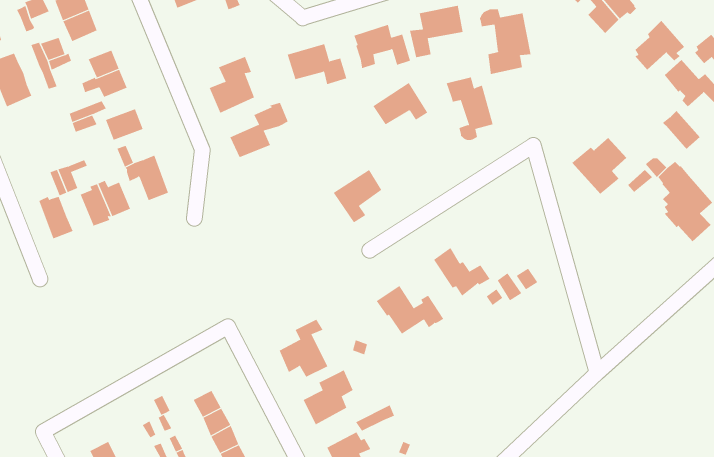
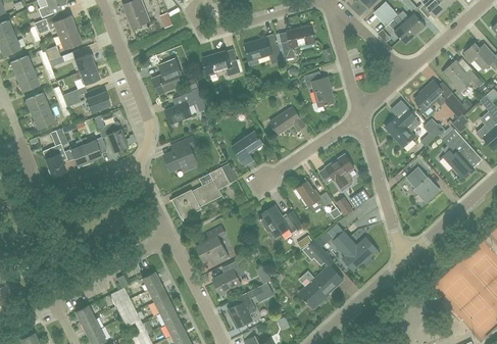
building: [479,9,531,75] -> none
building: [634,20,685,71] -> [415,80,448,112]
building: [373,82,428,125] -> [270,106,306,134]
building: none -> [26,93,54,128]
building: none -> [164,137,198,170]
building: none -> [326,154,354,189]
building: none -> [407,157,441,203]
building: none -> [172,163,238,216]
building: none -> [333,232,379,269]
building: none -> [299,240,344,309]

